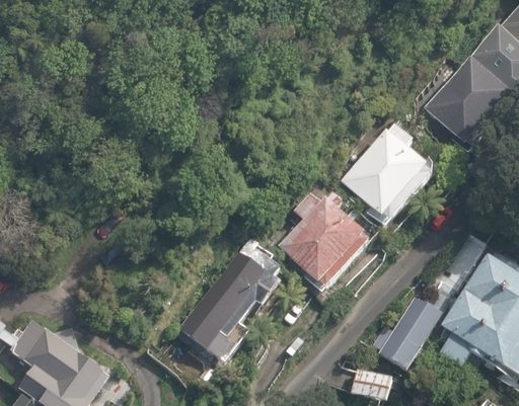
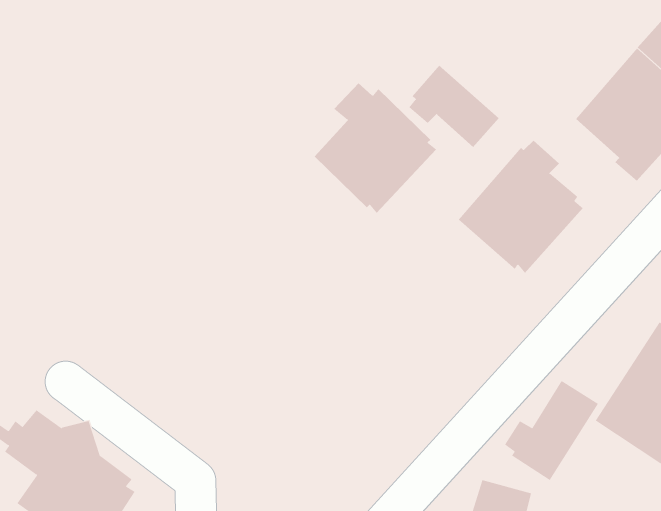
building: none -> [409,65,500,148]
building: [279,191,368,287] -> [314,82,437,214]
building: [179,237,280,362] -> none

